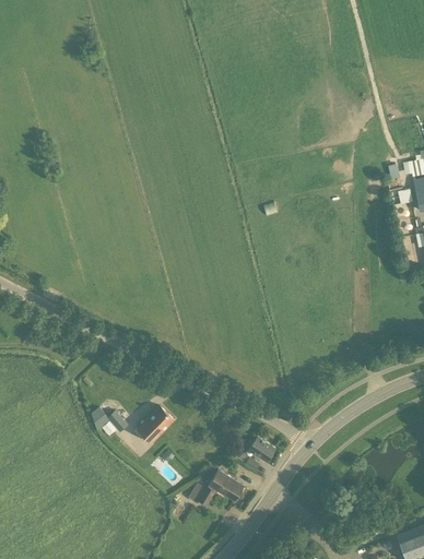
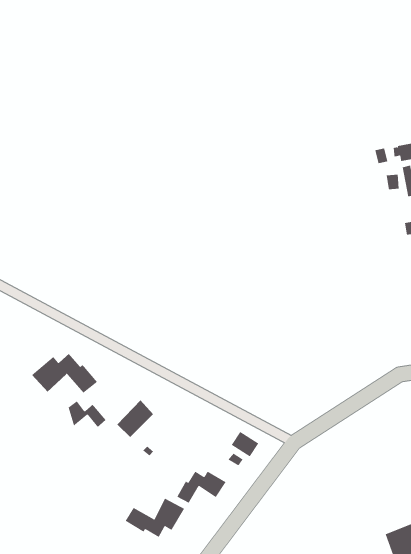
building: none -> [31,353,98,394]
building: none -> [125,498,185,538]

